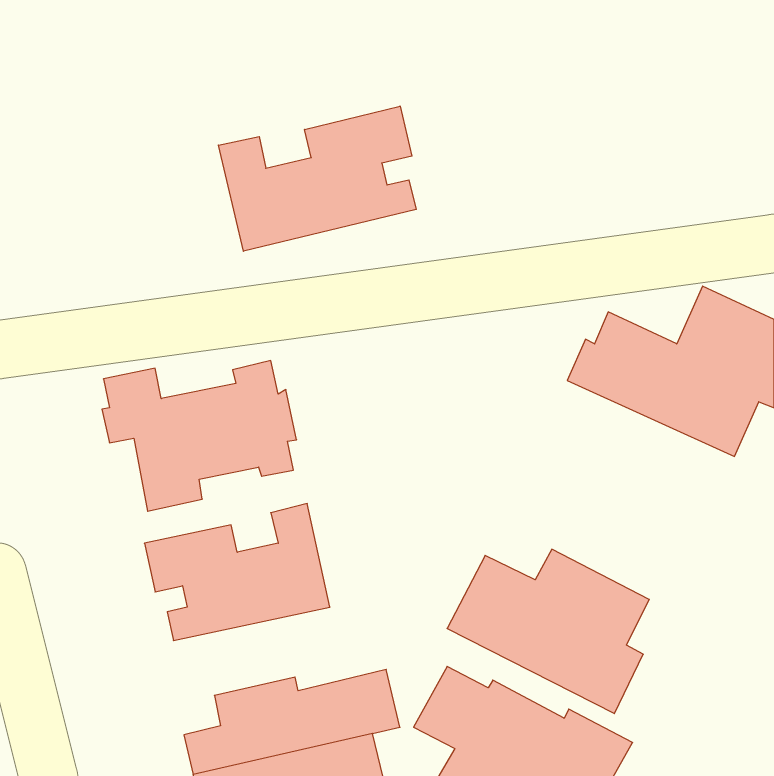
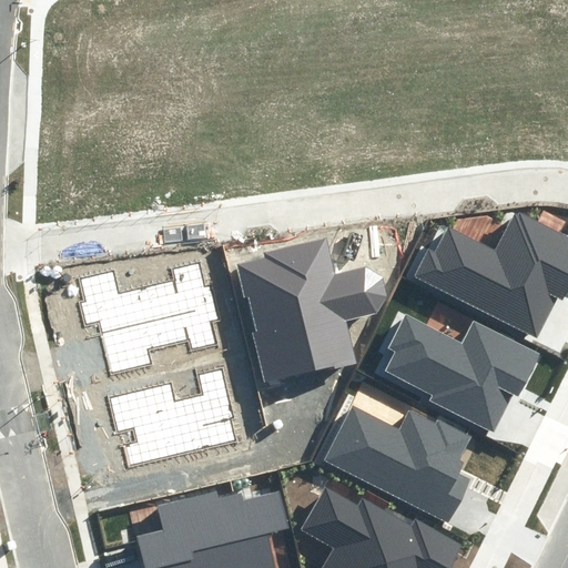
building: [218,106,416,251] -> none
building: none -> [232,242,384,386]
building: none -> [385,313,544,433]

